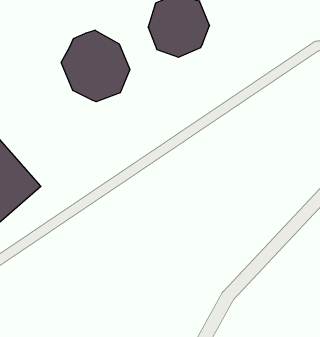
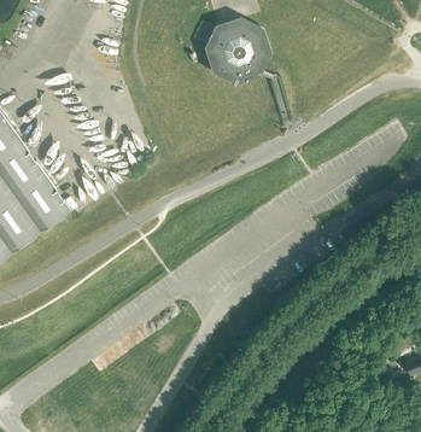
building: [61,30,130,102] -> none

